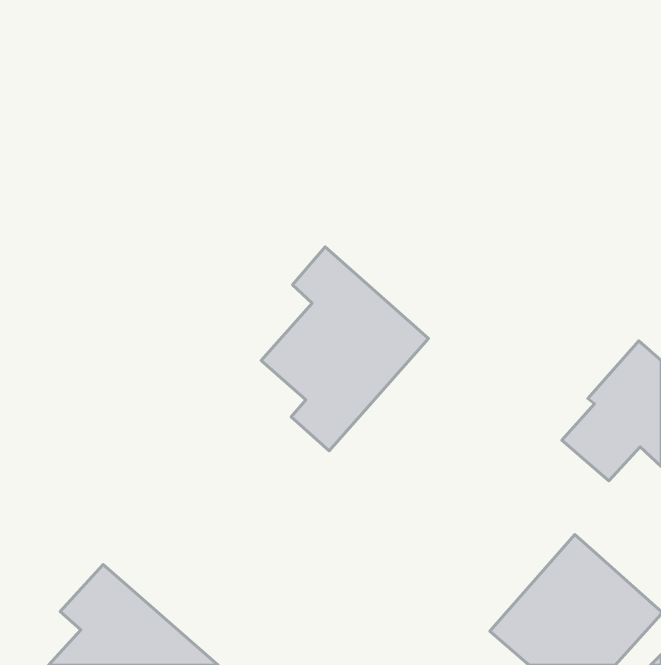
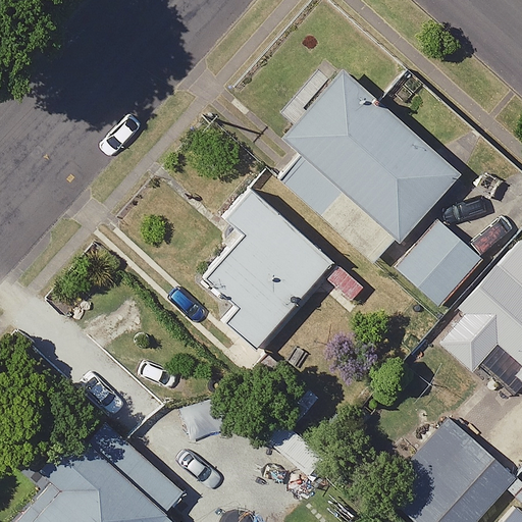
building: none -> [284,71,462,243]
building: none -> [399,220,486,308]

